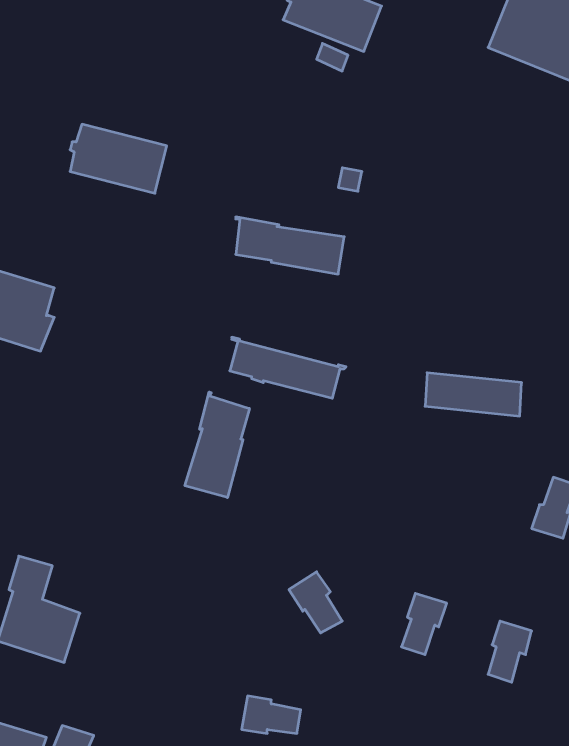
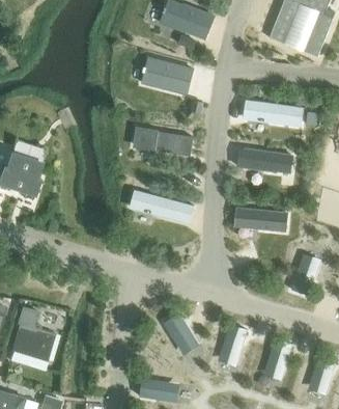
building: [70,124,167,193] -> [143,57,194,93]
building: none -> [247,100,301,125]
building: none -> [238,148,292,172]
building: [185,392,249,498] -> none

